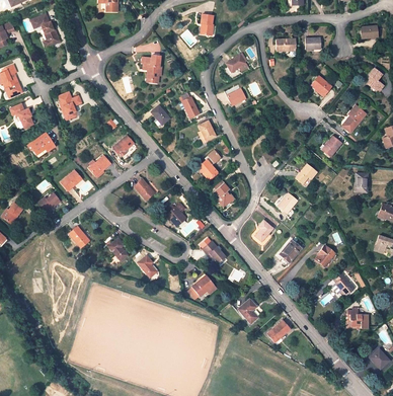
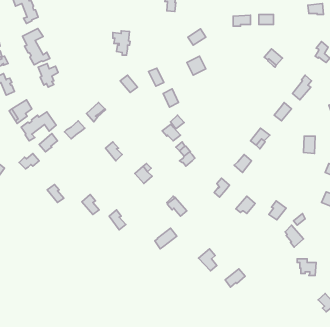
building: none -> [22,28,50,65]
building: none -> [21,112,56,141]

